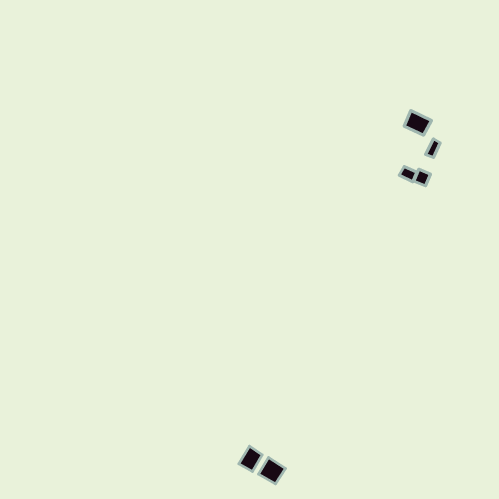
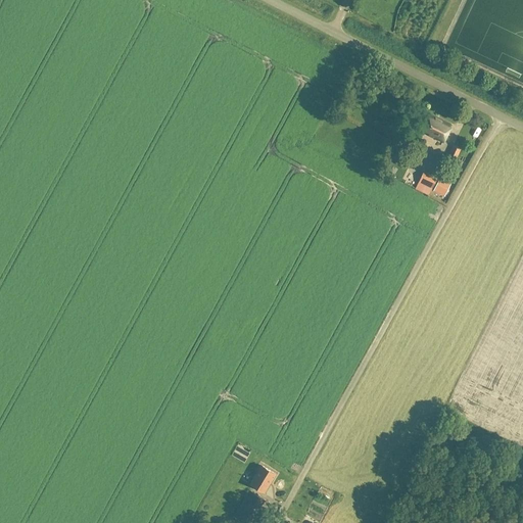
building: [258,458,286,484] -> none

